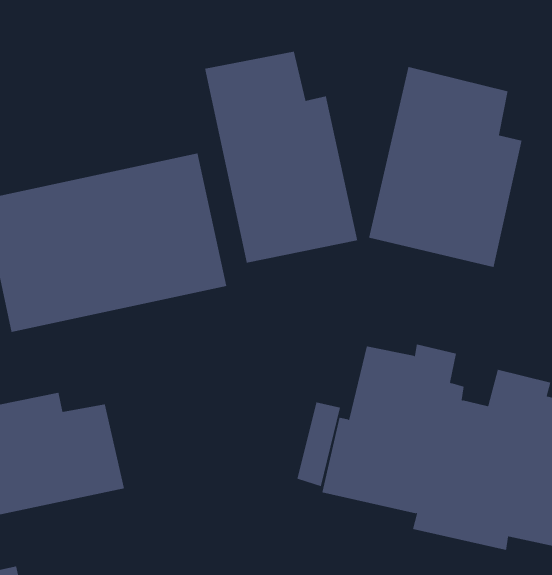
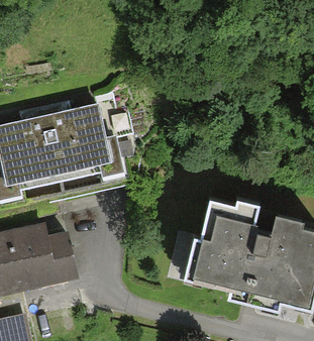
building: [205,51,358,263] -> none
building: [368,66,522,268] -> none

